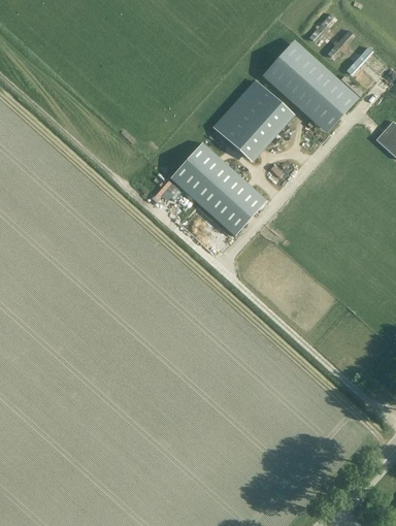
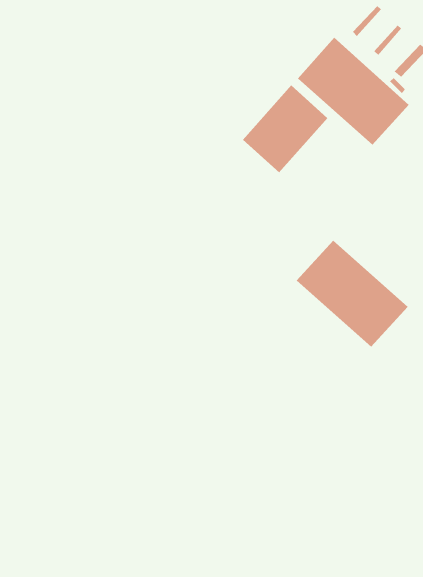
building: [170,142,267,235] -> [296,240,408,348]

